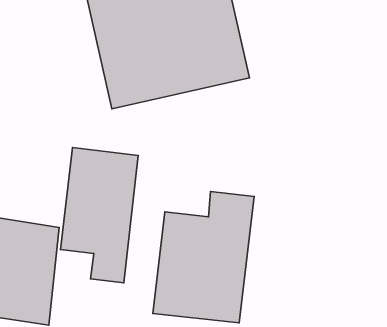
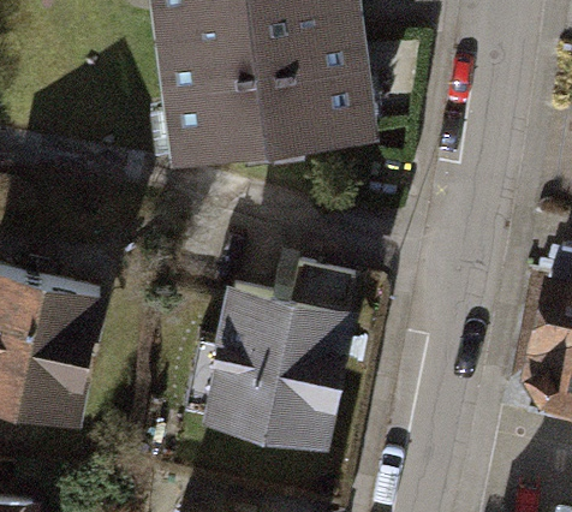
building: [61,147,138,283] -> none

